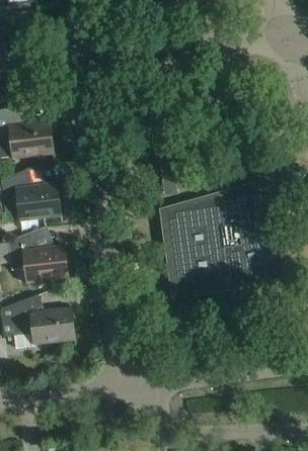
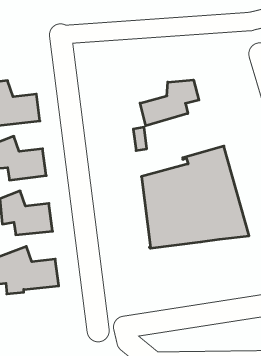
building: none -> [140,80,199,126]

